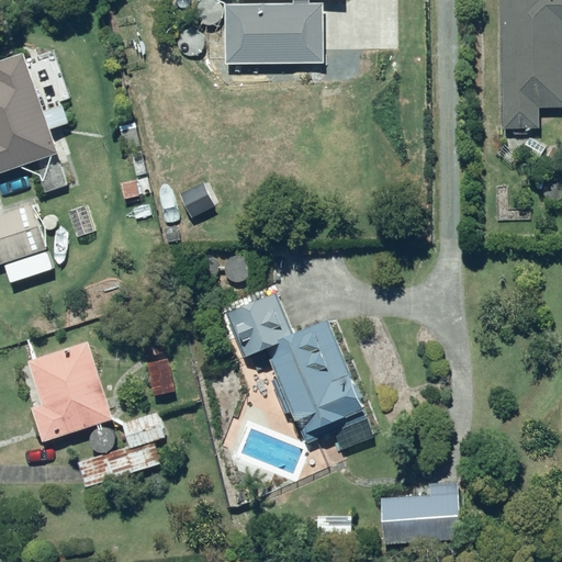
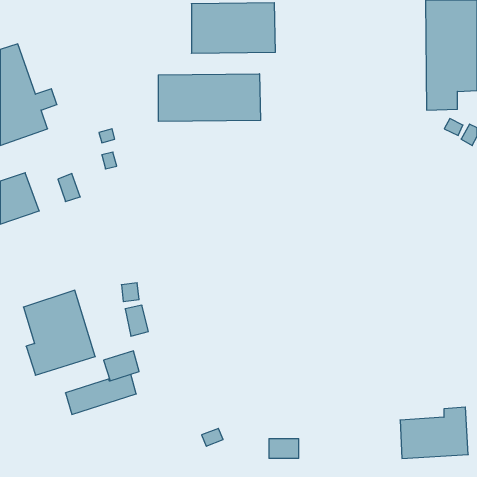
building: none -> [158,74,261,121]
building: [226,292,373,450] -> none
building: [380,483,460,543] -> [400,407,468,458]

